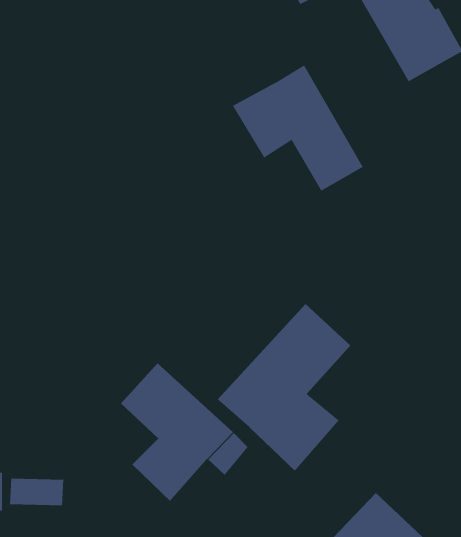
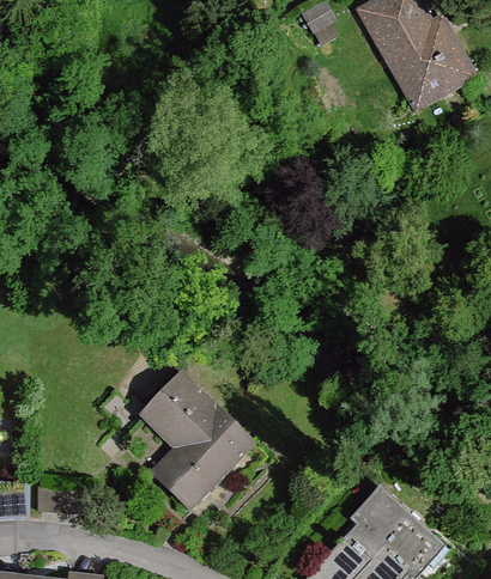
building: [232,65,364,191] -> none
building: [217,303,351,471] -> none

